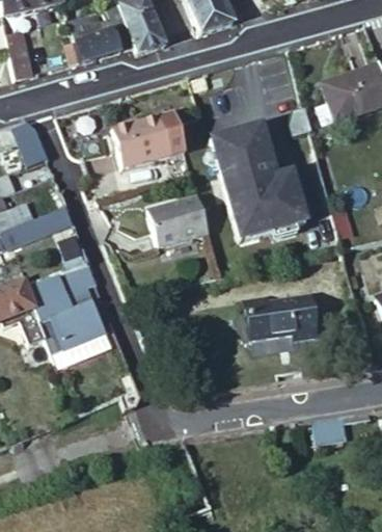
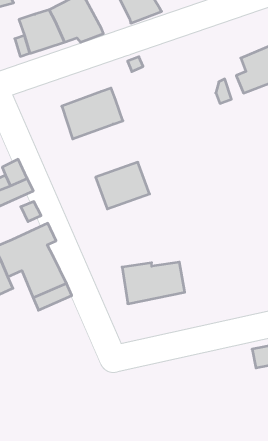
building: [211,126,305,241] -> none
building: [248,295,319,341] -> [122,262,185,304]

